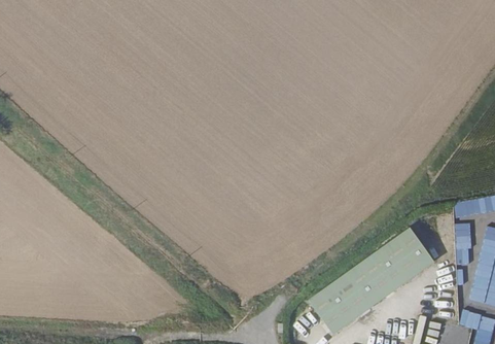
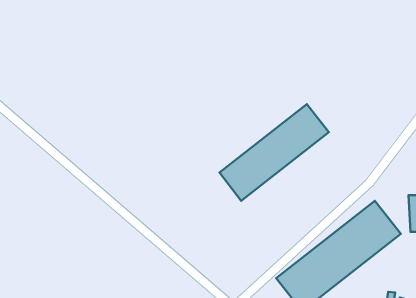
building: none -> [219,104,329,201]

